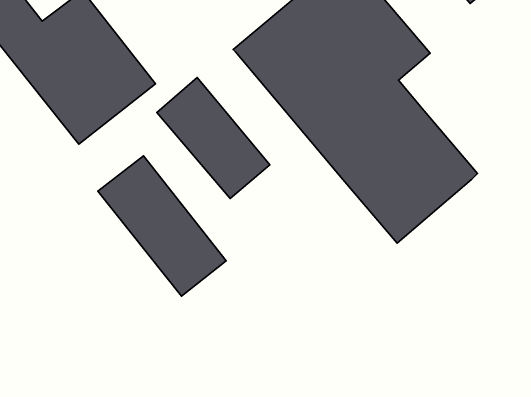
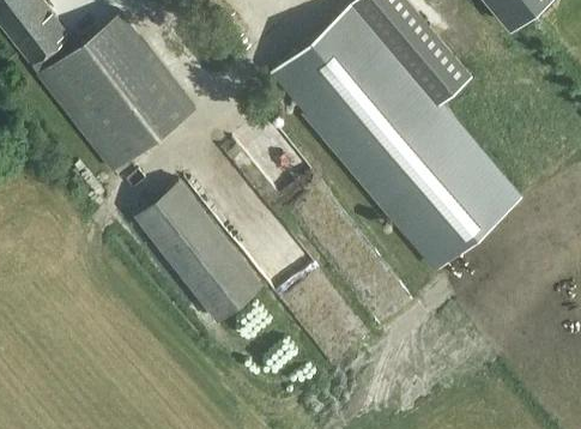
building: [157,78,270,199] -> none

